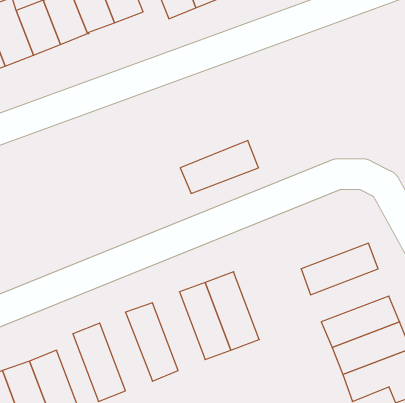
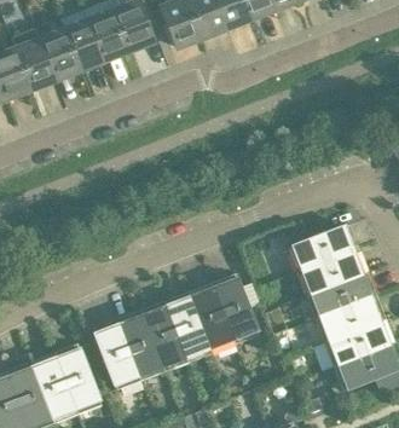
building: [180,141,259,193] -> [285,225,355,272]
building: none -> [303,272,374,319]
building: none -> [162,293,209,363]
building: none -> [115,311,162,381]

